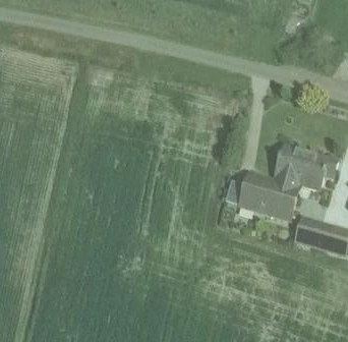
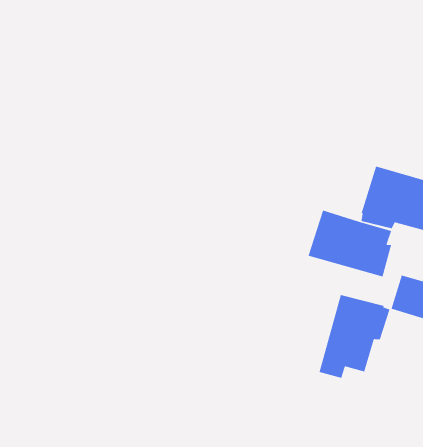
building: none -> [318,294,391,379]

